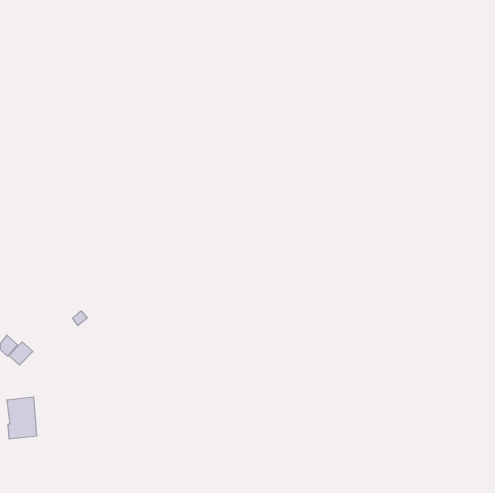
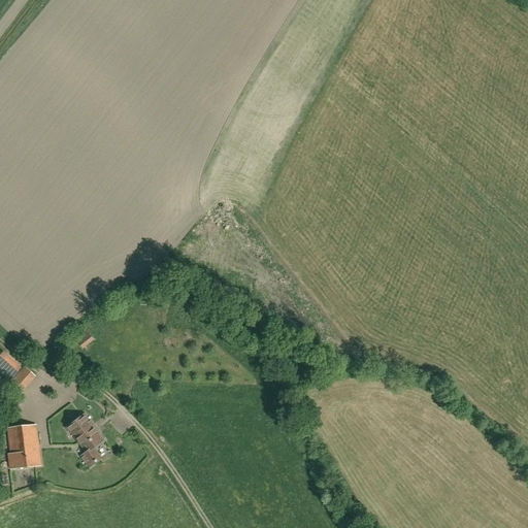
building: none -> [66,415,102,467]

